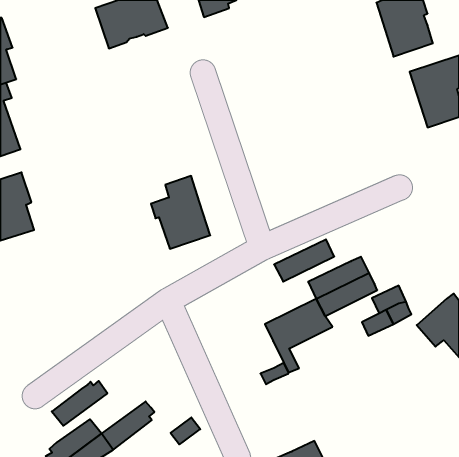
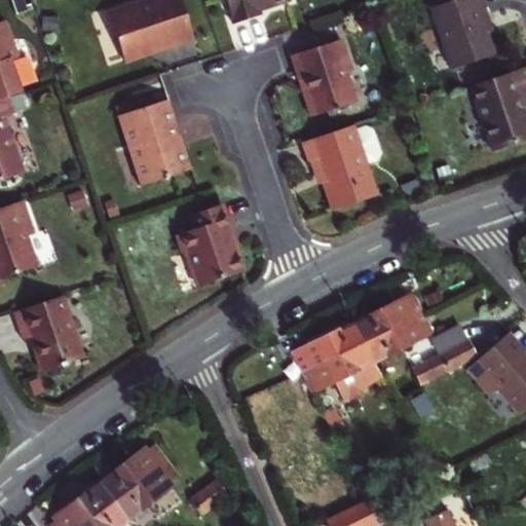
building: none -> [293,34,354,112]
building: none -> [114,98,186,184]
building: none -> [306,117,380,208]
building: [274,239,334,282] -> [293,325,362,373]
building: none -> [15,296,85,372]
building: [52,381,107,426] -> [103,447,166,498]

